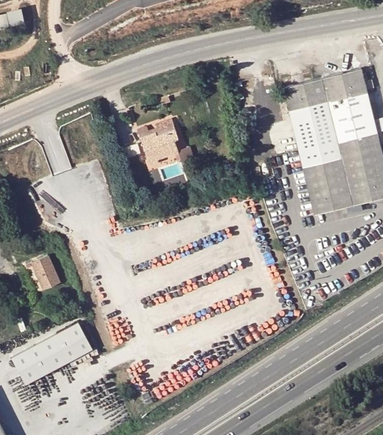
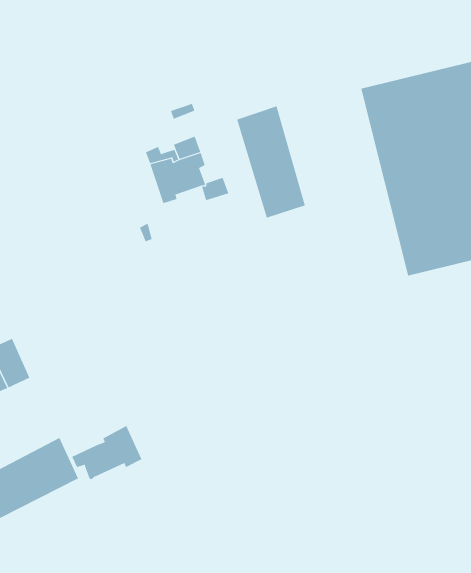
building: none -> [237,105,306,219]
building: none -> [72,425,142,481]

